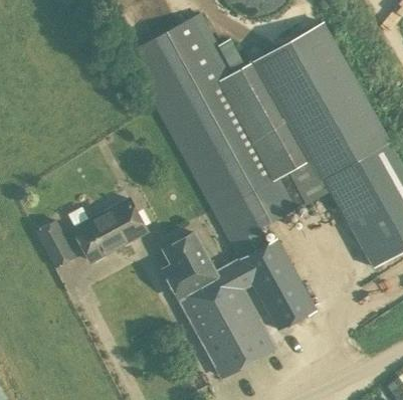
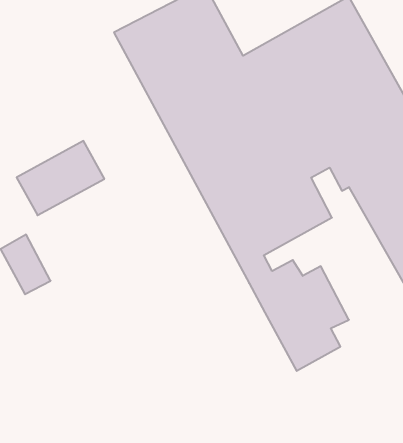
building: [73,200,146,261] -> [17,141,104,215]
building: [163,233,271,371] -> none

